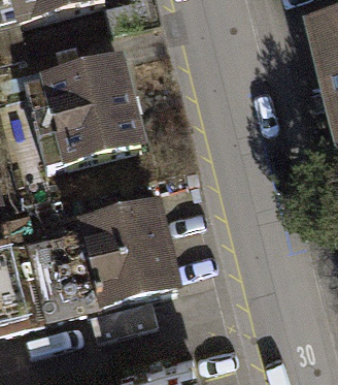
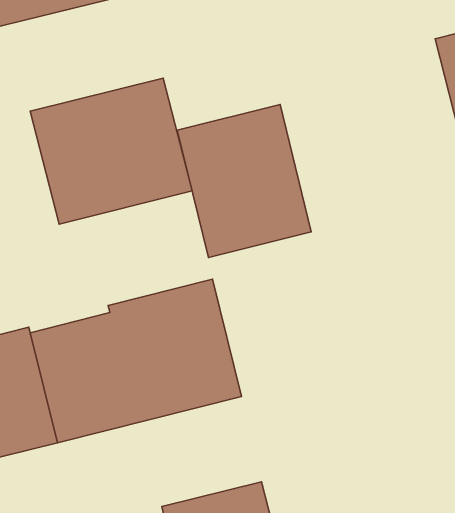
building: none -> [177,105,311,258]

